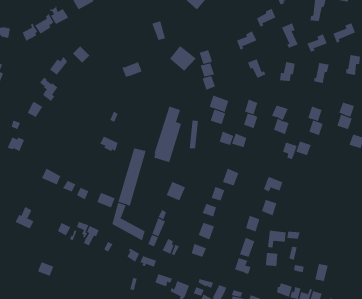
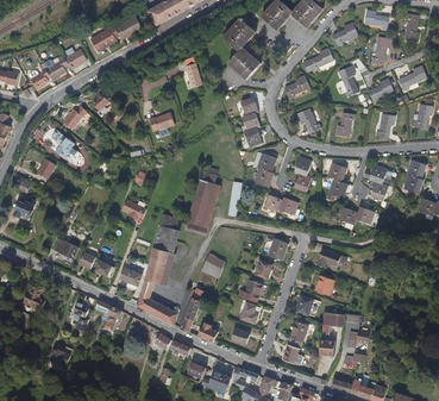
building: [169,45,196,72] -> [228,48,261,79]

